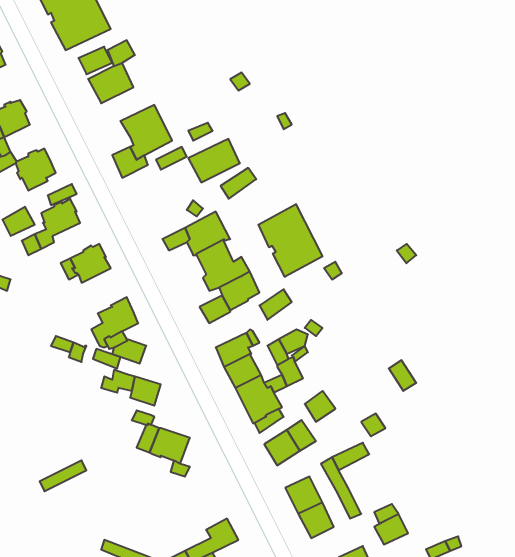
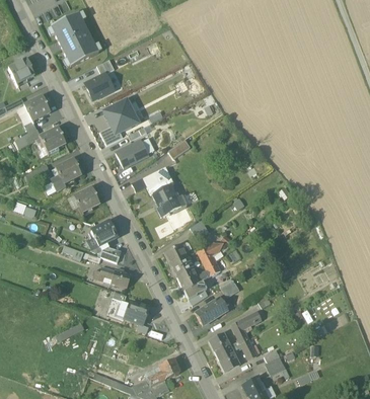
building: [188,139,240,182] -> [116,140,148,167]
building: [258,204,322,277] -> none

